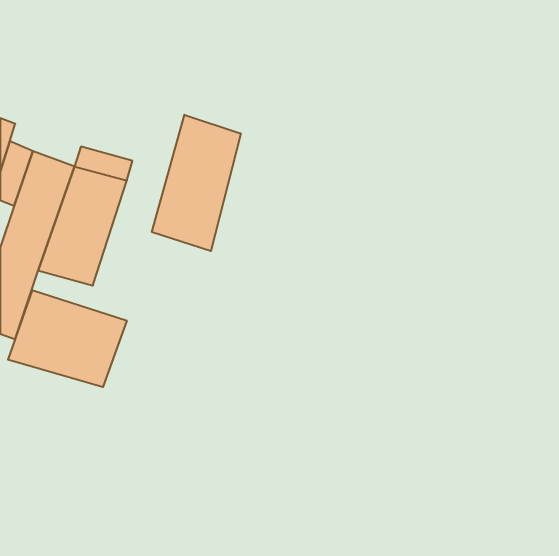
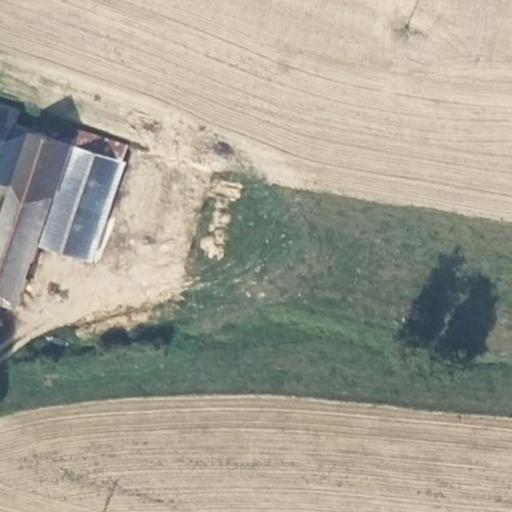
building: [152,115,241,251] -> none
building: [8,290,127,387] -> none

